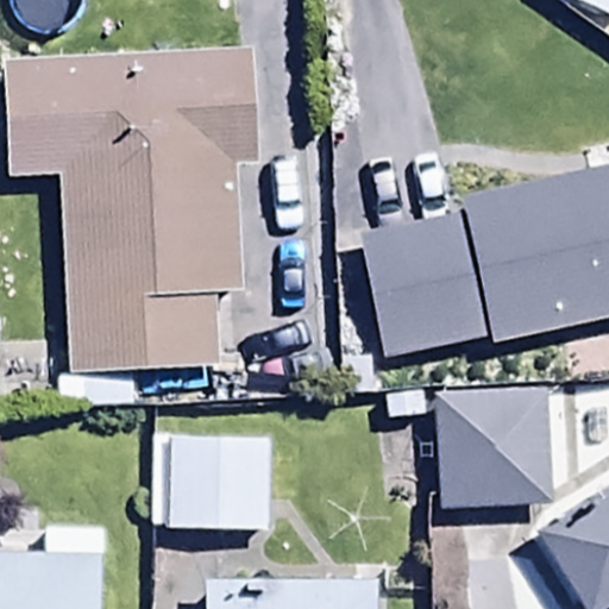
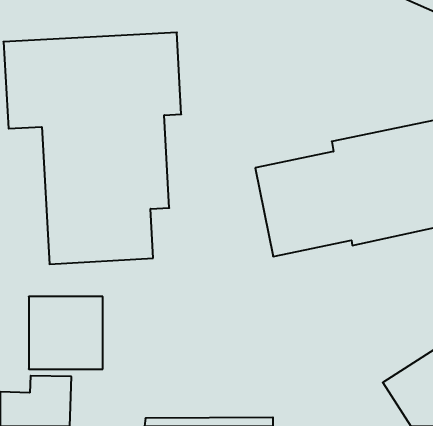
building: [431,389,546,509] -> none
building: [169,431,272,532] -> [29,297,103,369]

